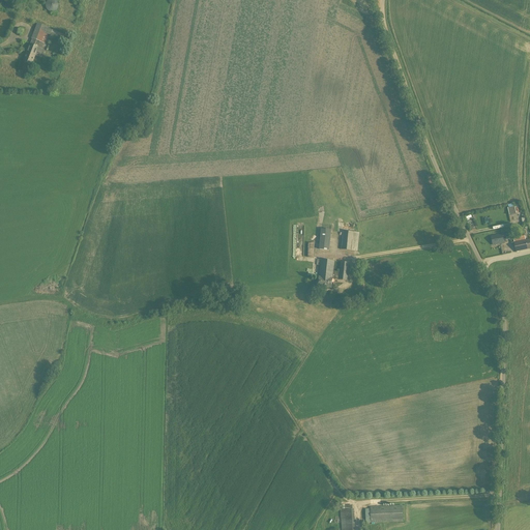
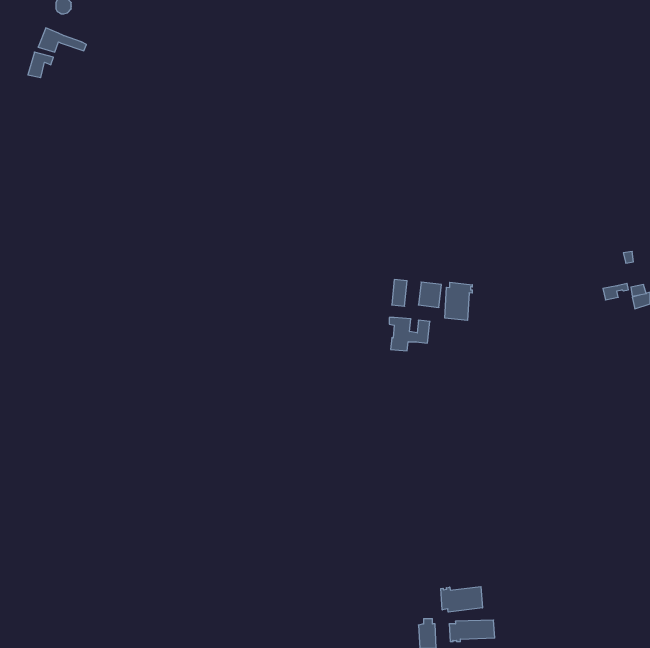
building: none -> [445,282,472,320]
building: none -> [441,587,482,612]

